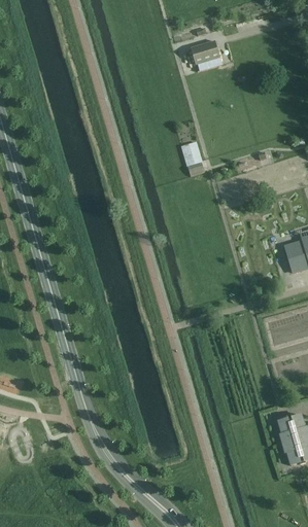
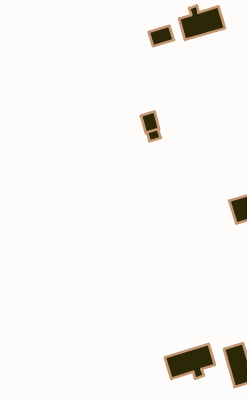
building: none -> [179,5,225,40]
building: none -> [165,344,215,379]

